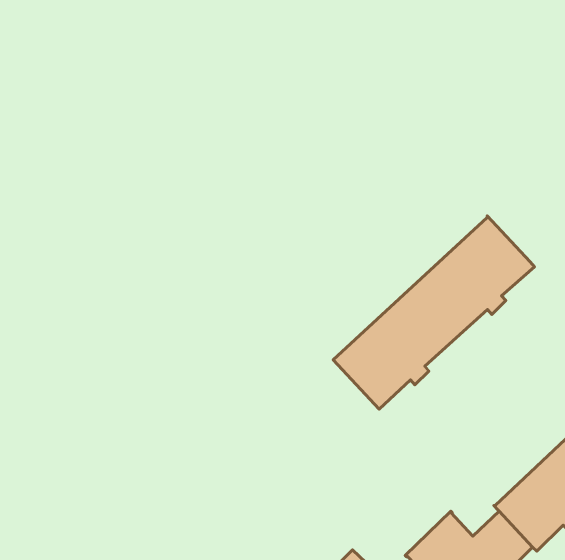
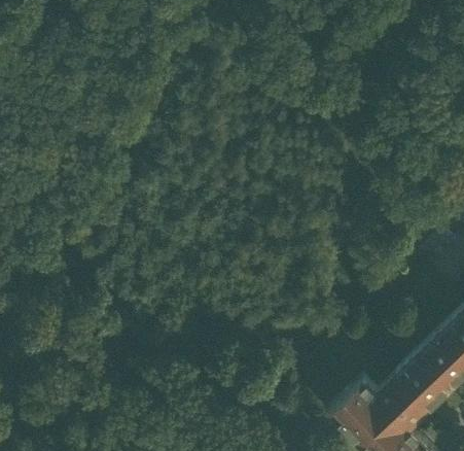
building: [333,216,535,409] -> none

